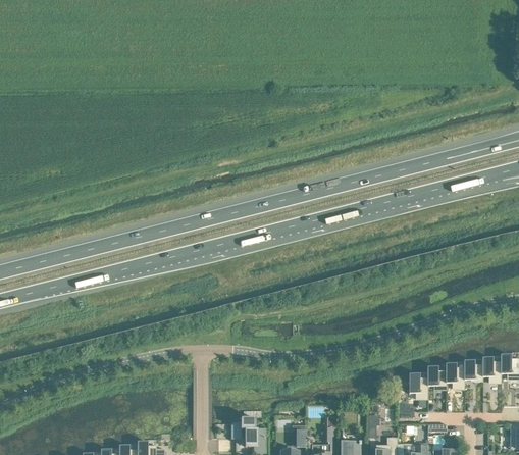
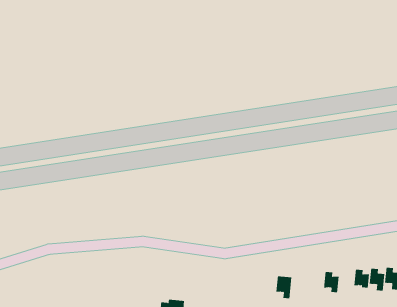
building: [445,362,463,389] -> none
building: [408,372,426,399] -> [276,276,292,299]

